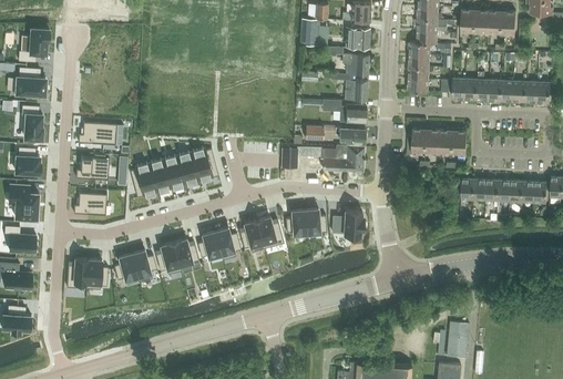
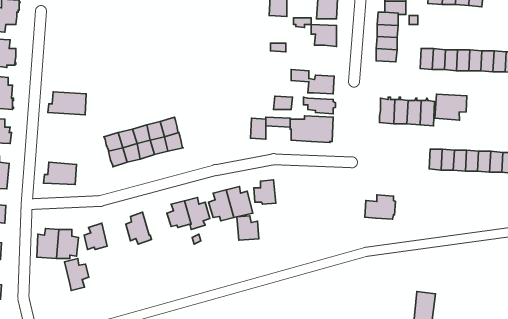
building: [332,73,367,101] -> none
building: none -> [435,94,467,120]
building: [75,156,109,180] -> none
building: [305,208,327,233] -> [237,216,259,240]
building: [332,209,364,234] -> [365,195,396,219]
building: [173,238,199,265] -> none
building: [132,249,156,281] -> [65,259,89,291]

